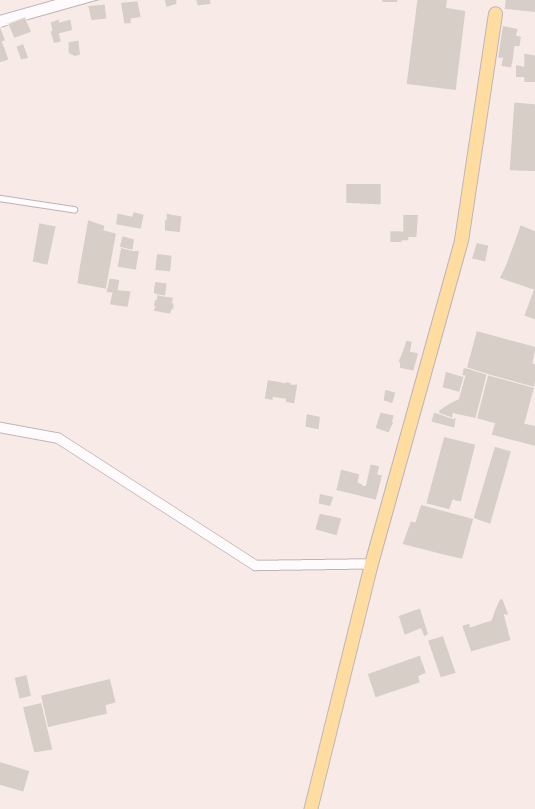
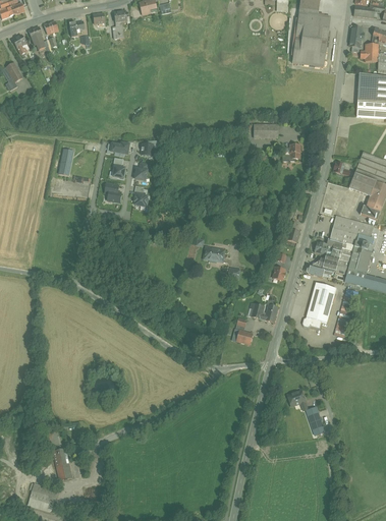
building: [77,219,116,289] -> none
building: [402,504,474,559] -> none
building: [462,599,511,652] -> none
building: [367,655,426,698] -> none
building: [41,678,116,728] -> none

